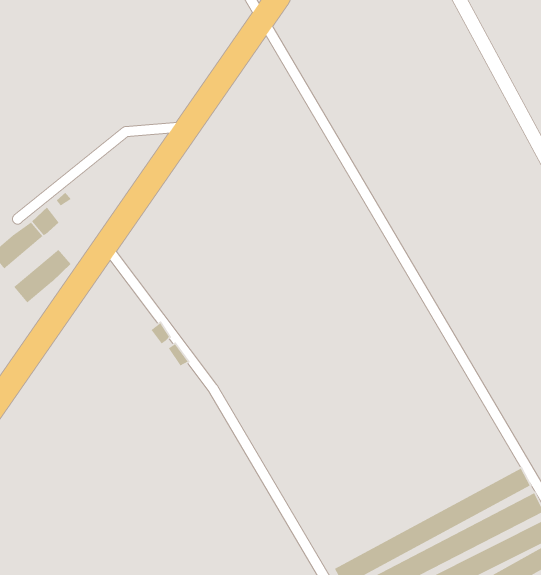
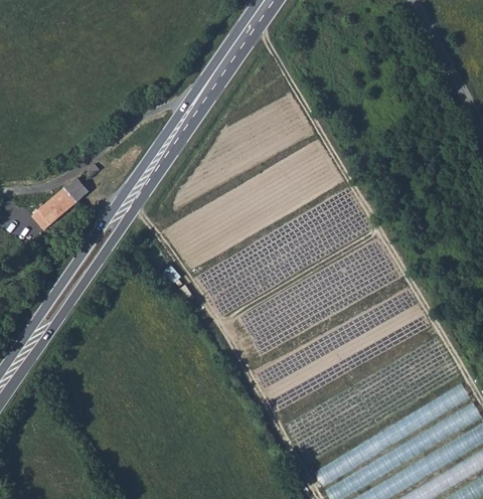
building: [13,249,71,304] -> none

